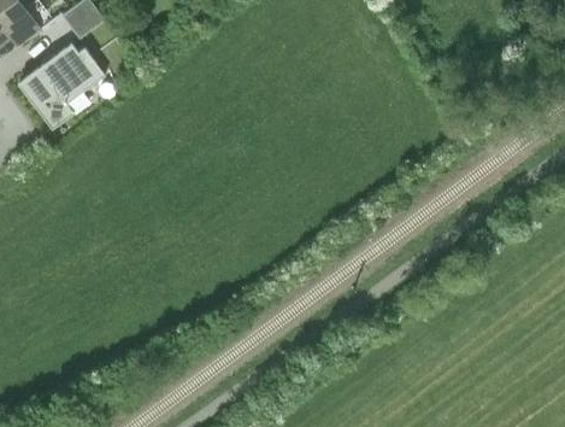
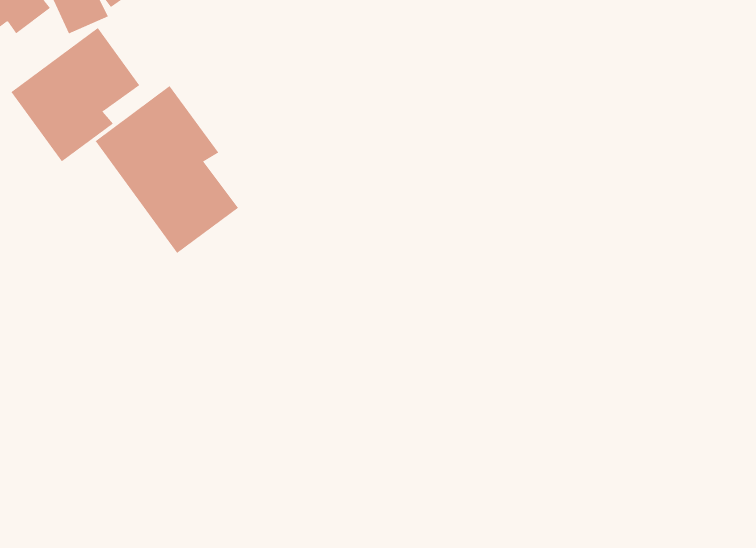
building: none -> [95,85,239,254]

